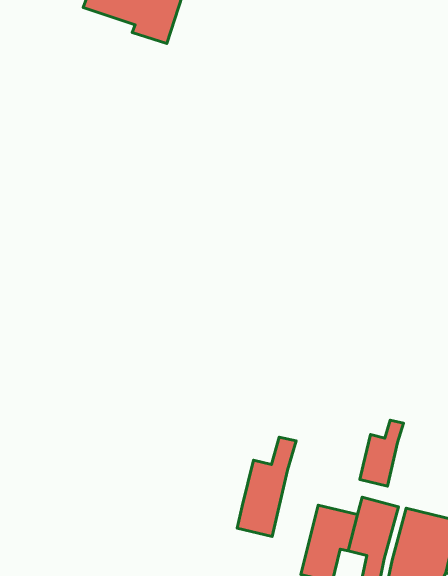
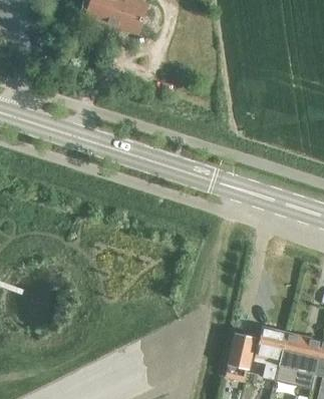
building: [360,420,403,486] -> none
building: [237,437,296,536] -> none

